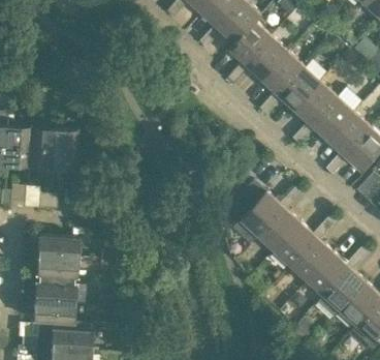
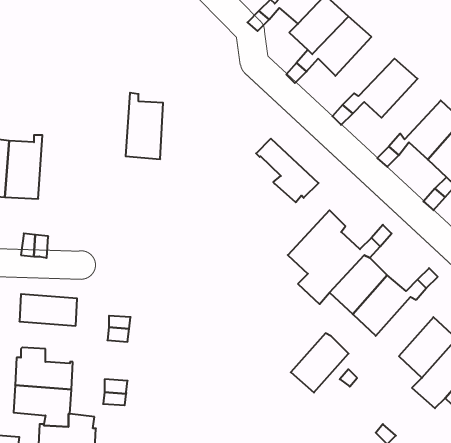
building: [262,53,305,95] -> none
building: [295,83,338,126] -> none
building: [50,123,76,171] -> [126,93,163,159]
building: none -> [256,139,319,202]
building: [291,239,332,281] -> [291,333,349,393]
building: [35,257,76,287] -> none

